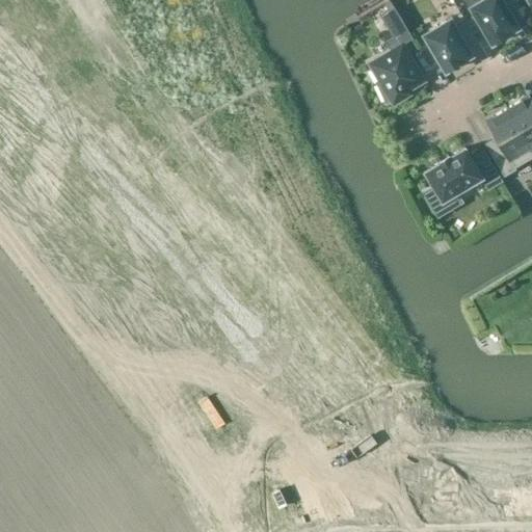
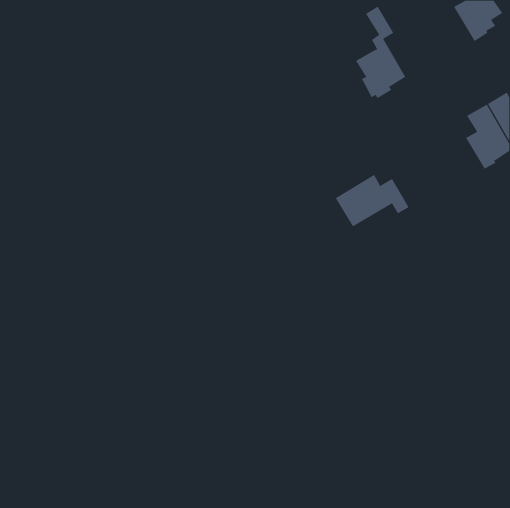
building: [425,21,477,73] -> none
building: [423,149,501,204] -> [335,174,410,227]

